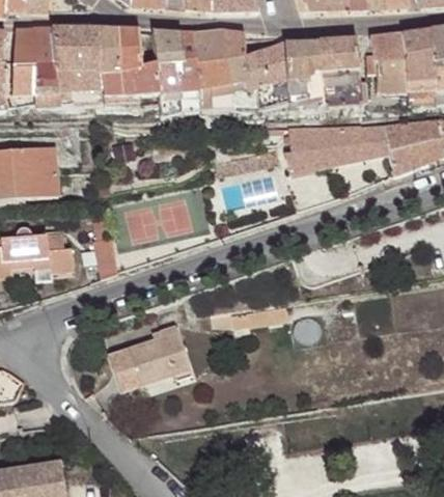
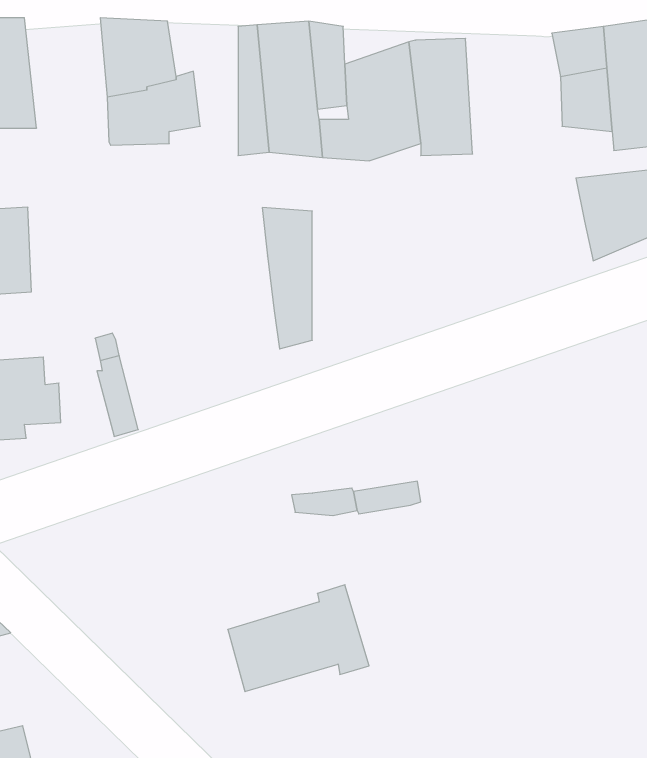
building: [52,27,103,106] -> none
building: [150,31,181,116] -> [262,208,312,349]
building: [317,38,361,110] -> none
building: [284,125,389,172] -> none
building: [108,326,193,390] -> [228,585,369,692]

